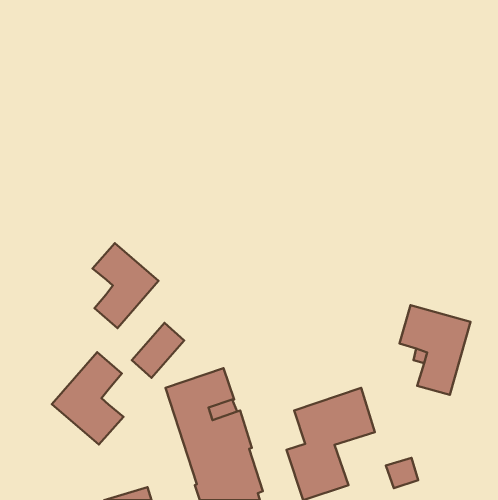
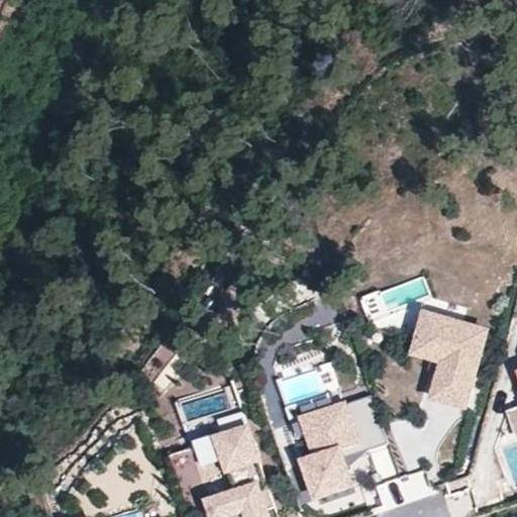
building: [93,243,159,328] -> none
building: [52,352,123,445] -> none

